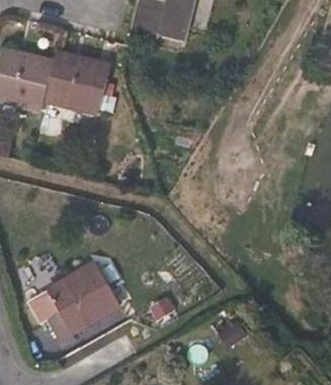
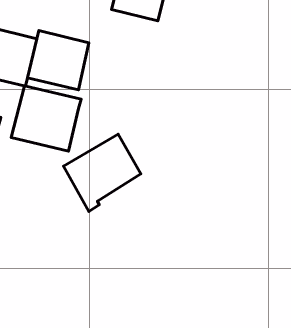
building: none -> [11,86,81,151]
building: [34,263,117,346] -> [63,134,141,212]

